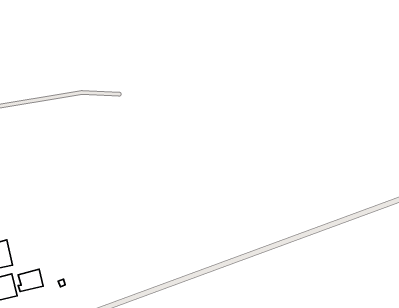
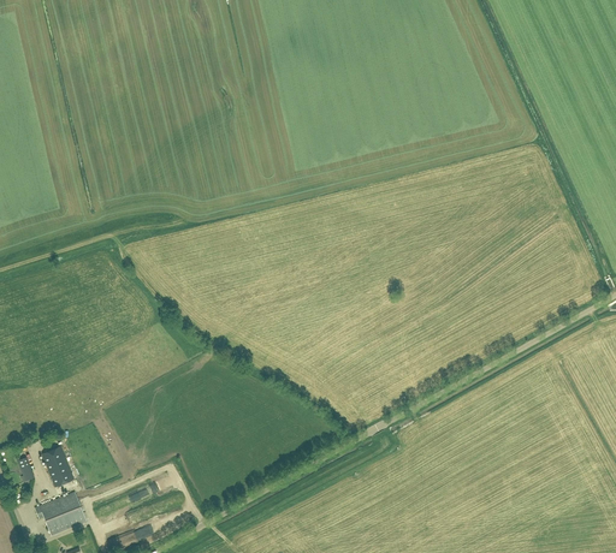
building: [18,269,43,292] -> none

